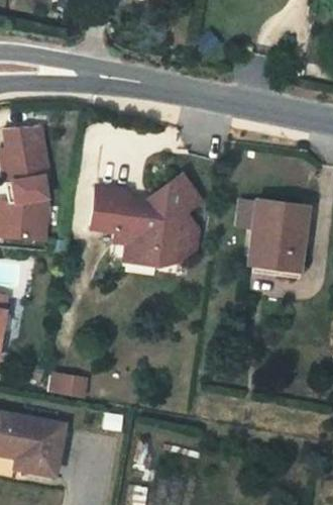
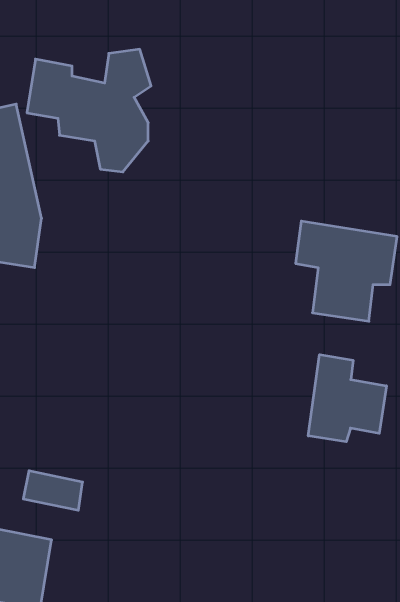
building: [99,177,188,265] -> [27,49,151,172]
building: none -> [308,355,386,442]

